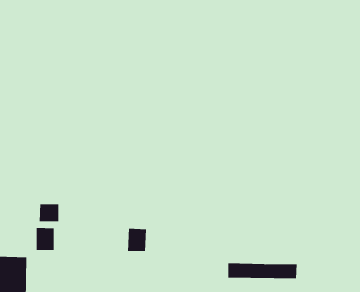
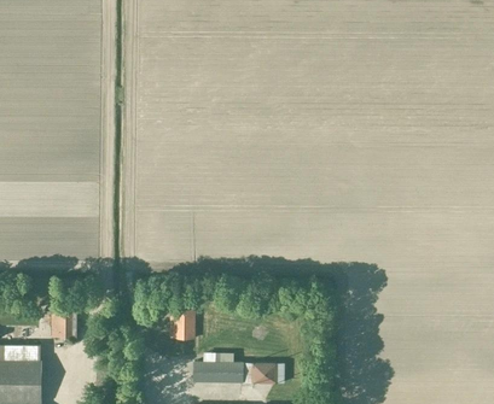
building: [39,204,59,222] -> none
building: [228,263,298,279] -> [193,362,284,382]

